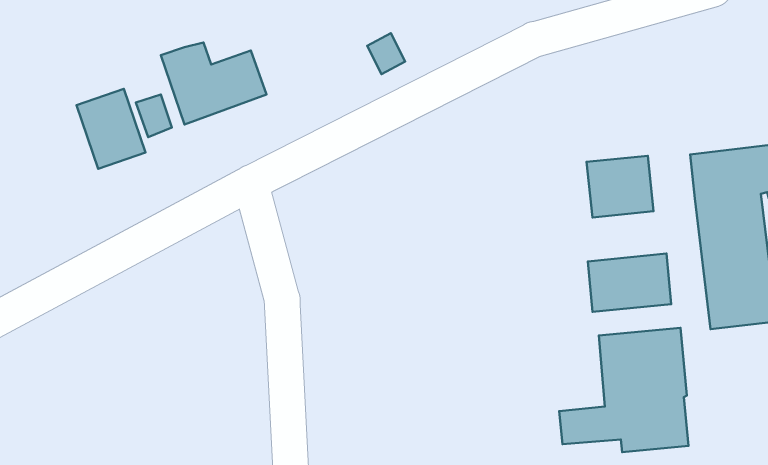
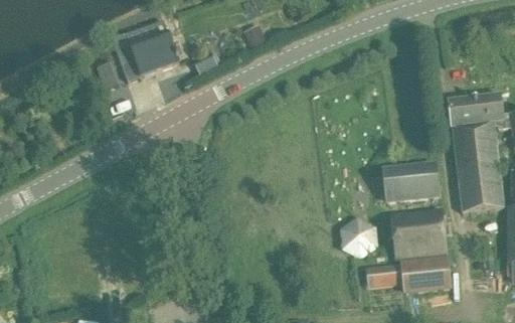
building: [77,89,145,169] -> none
building: [587,156,654,217] -> none
building: none -> [339,217,376,259]

